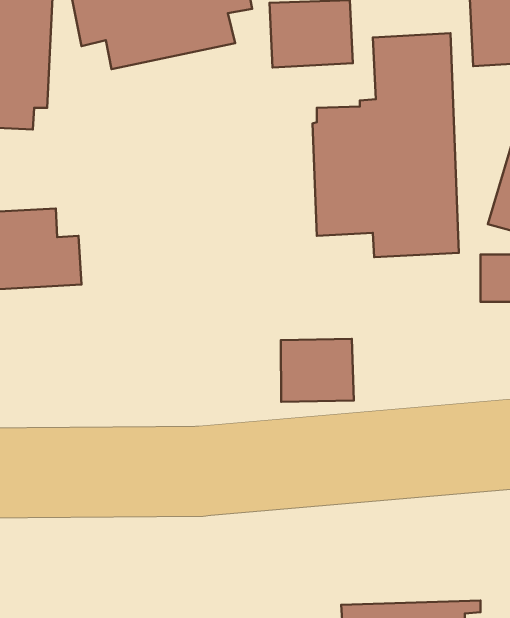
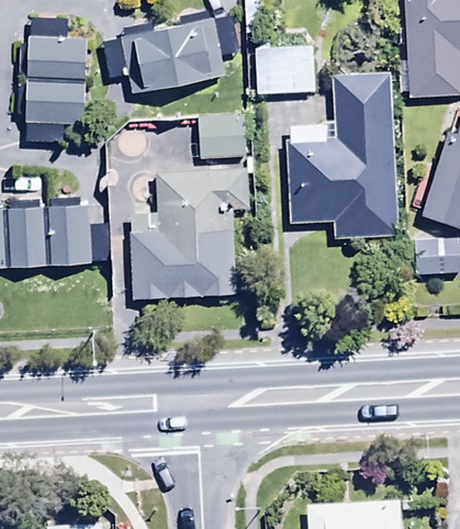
building: none -> [195,115,245,158]
building: none -> [128,168,261,297]
building: [281,339,354,402] -> none

